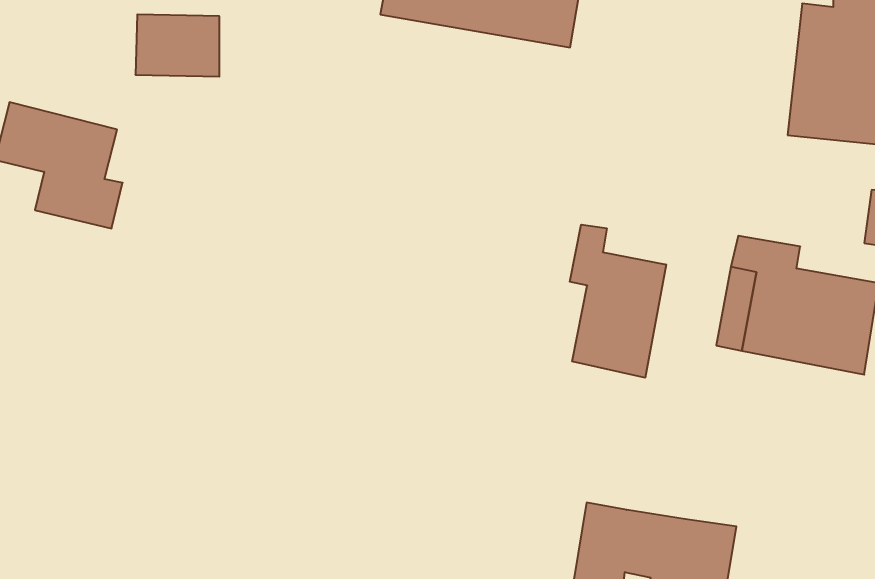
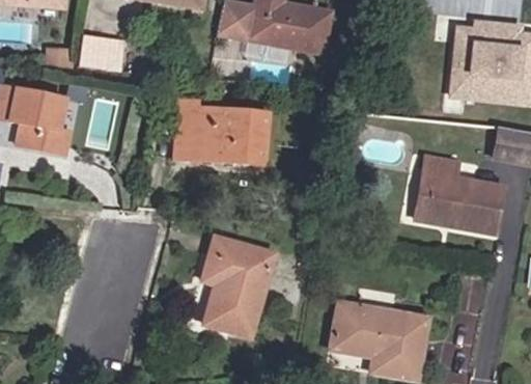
building: none -> [176,106,276,165]
building: [570,225,666,378] -> none
building: none -> [205,236,276,335]

